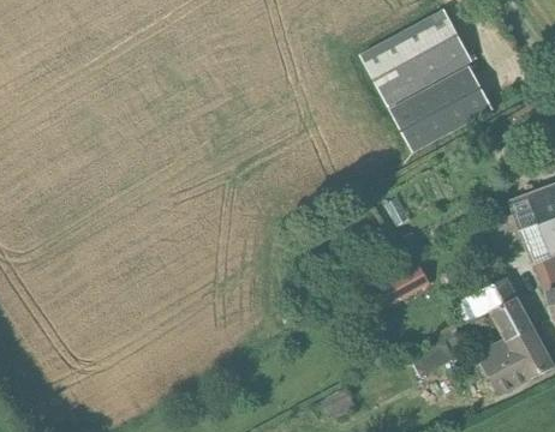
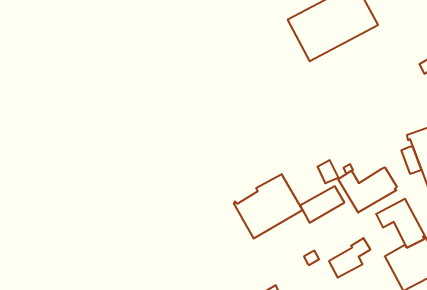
building: [389,65,493,151] -> none
building: none -> [338,167,397,213]
building: none -> [234,174,303,239]

